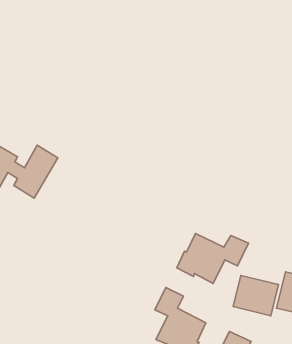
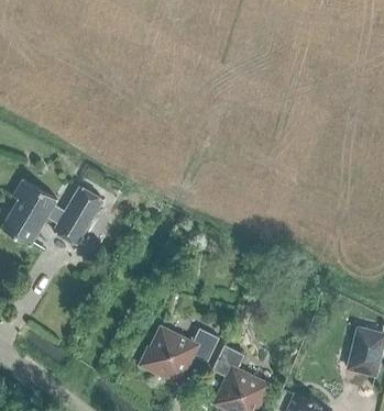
building: [177,233,248,283] -> [139,326,219,382]
building: [233,275,278,316] -> none

